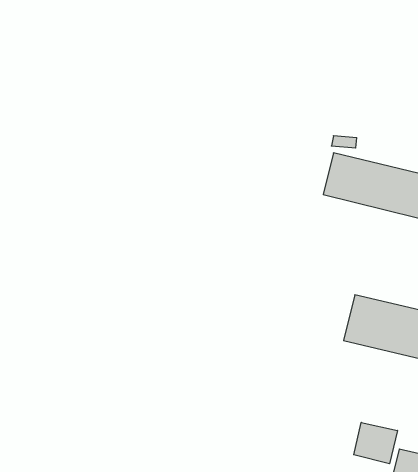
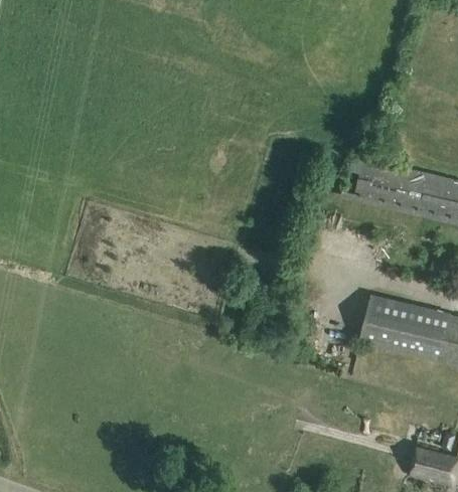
building: [354,422,397,464] -> none

